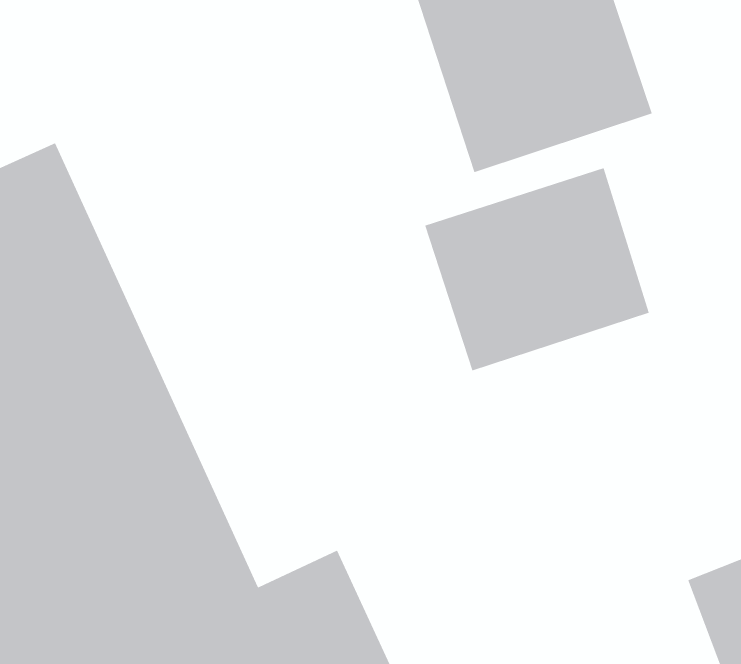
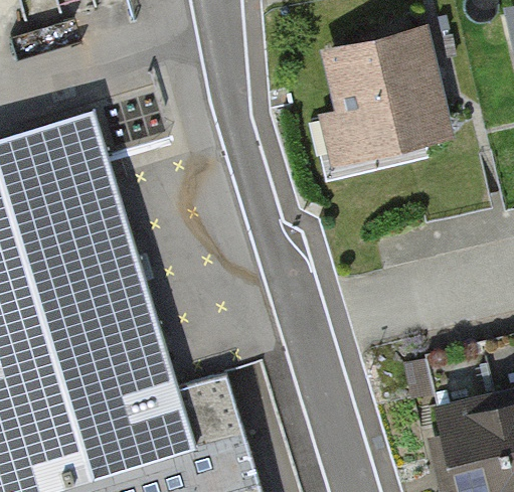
building: [424,167,650,372] -> none

